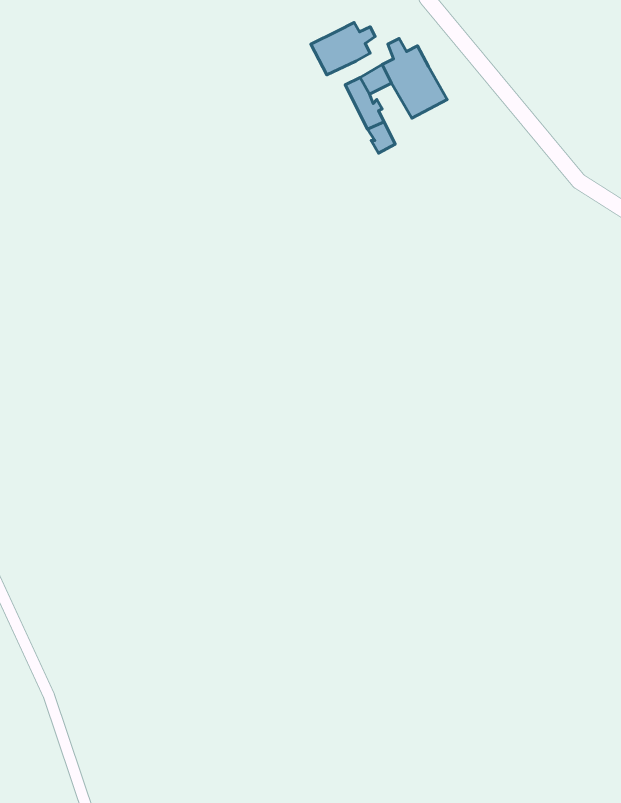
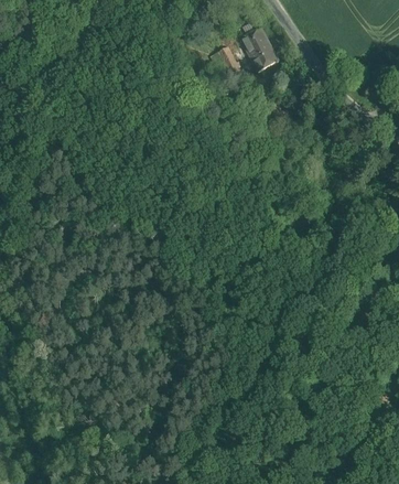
building: [311,23,375,75] -> none

